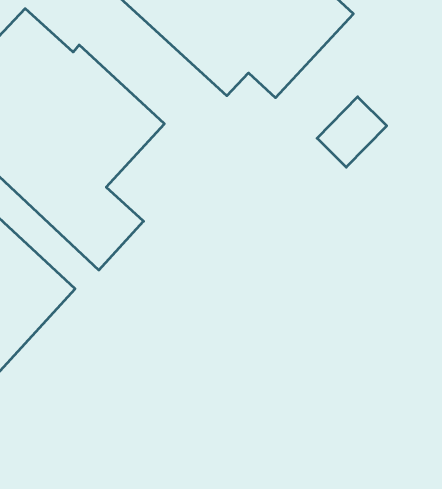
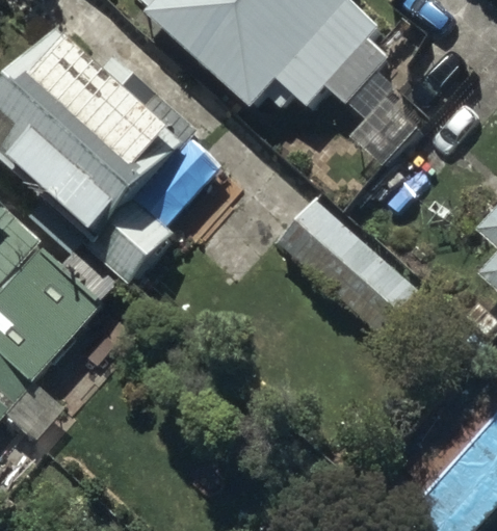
building: none -> [273,198,419,337]

